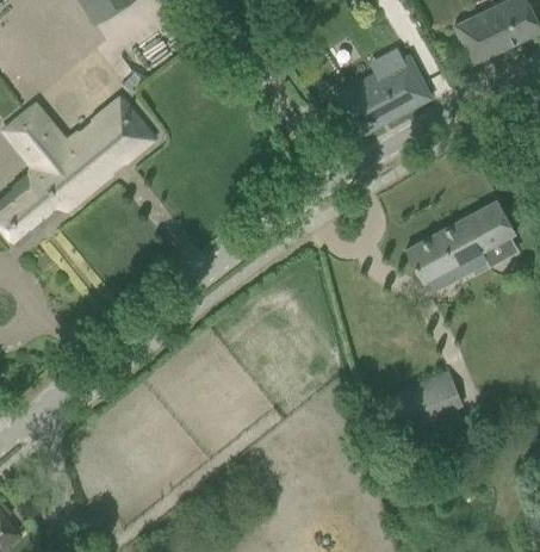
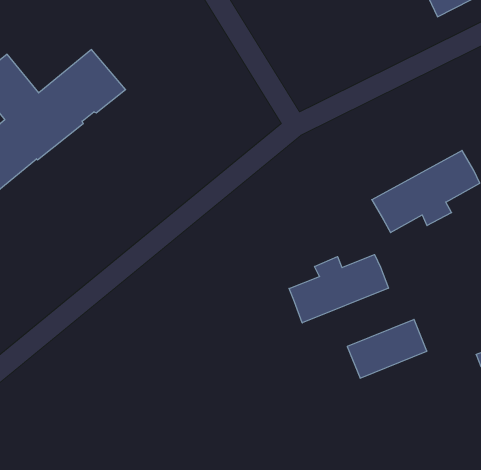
building: [340,58,430,135] -> none
building: none -> [289,255,388,323]

